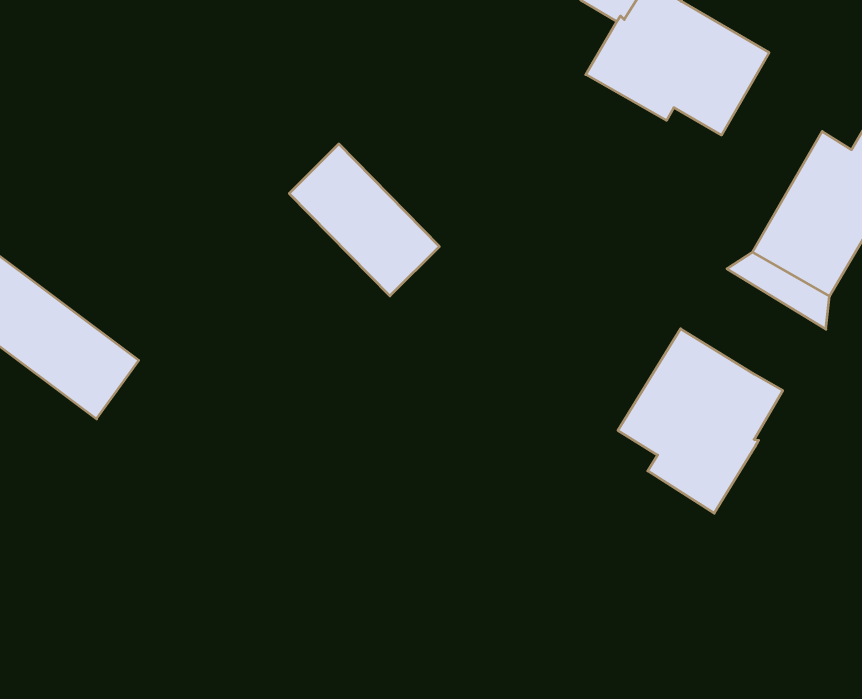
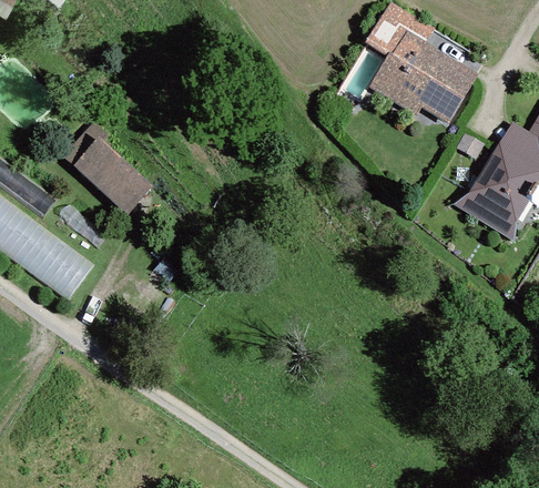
building: [289,144,439,296] -> [62,124,153,216]
building: [618,329,783,513] -> none

